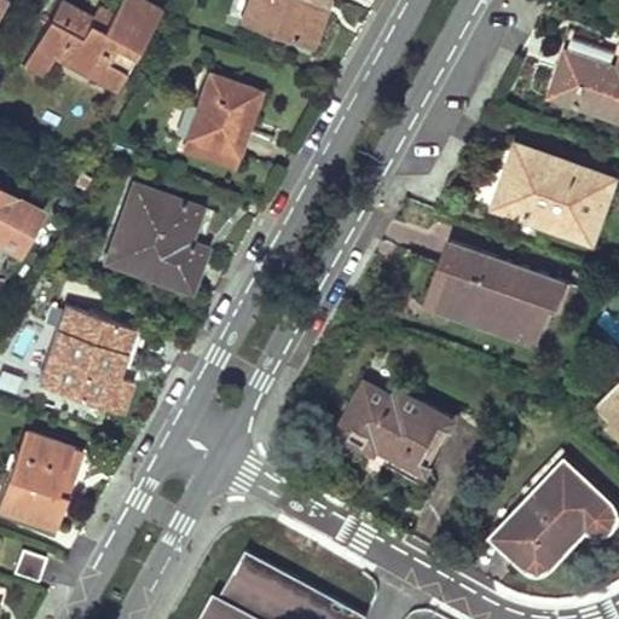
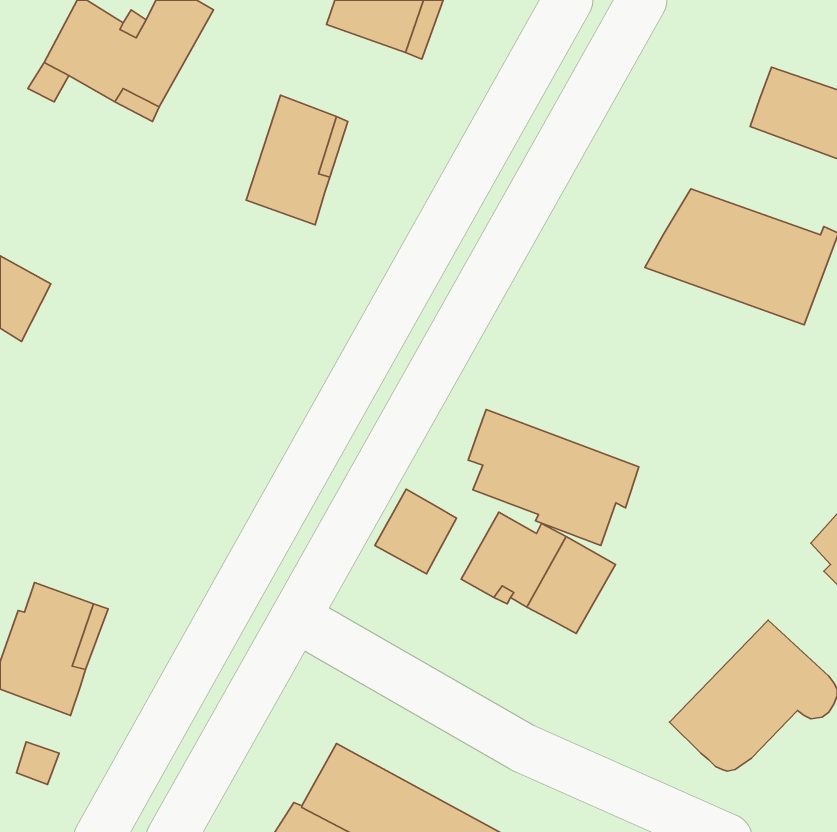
building: [105,186,203,293] -> none
building: [439,242,565,342] -> [468,409,639,546]
building: [36,308,133,415] -> none
building: none -> [375,489,457,574]

